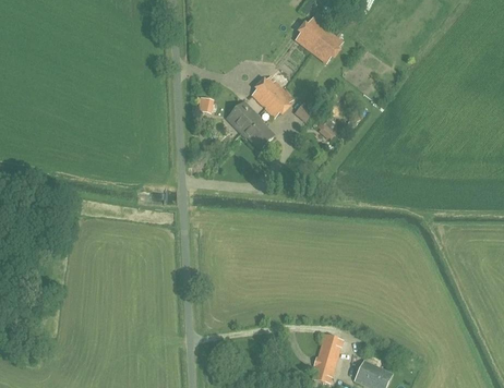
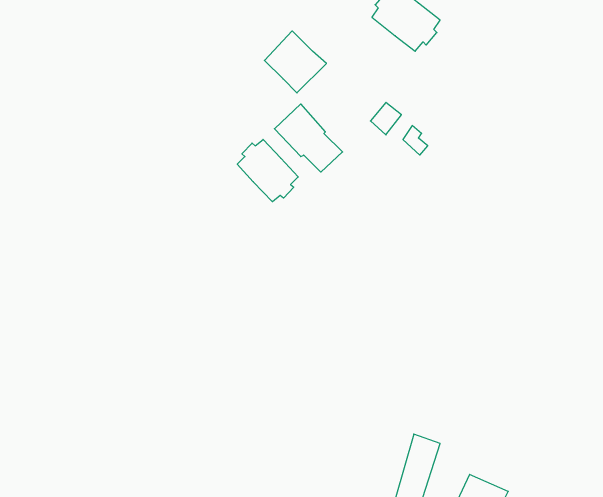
building: [250,74,293,118] -> [264,31,326,93]
building: none -> [237,139,298,202]

